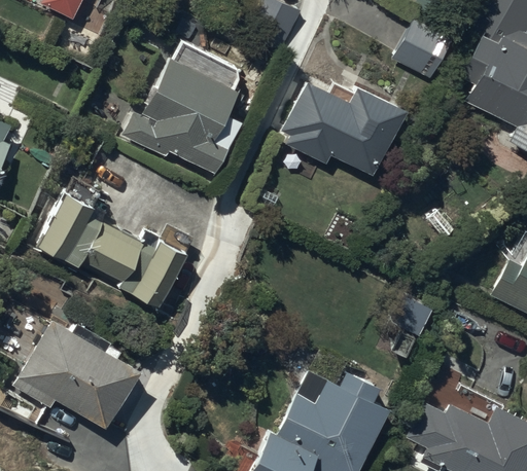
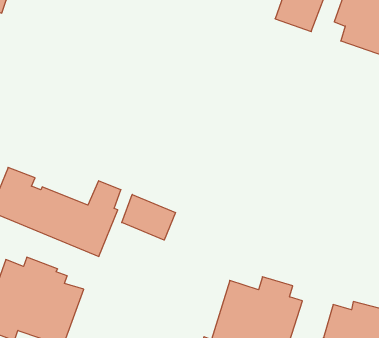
building: [125,44,242,167] -> none
building: [282,86,406,179] -> none
building: none -> [122,194,176,240]

